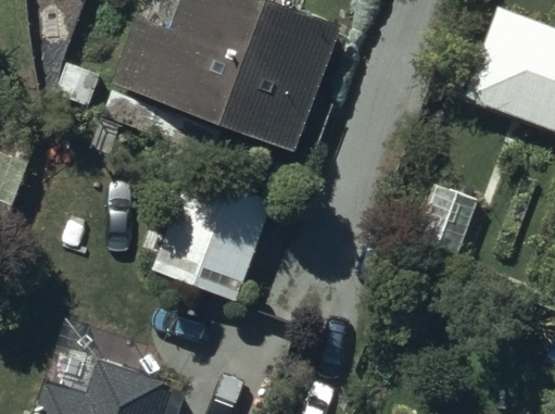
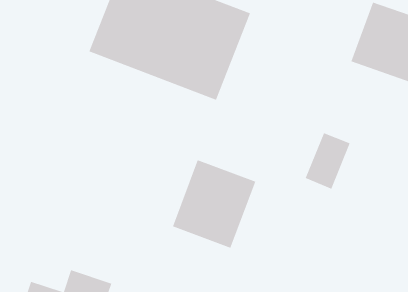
building: [156,178,268,297] -> [172,159,256,248]

